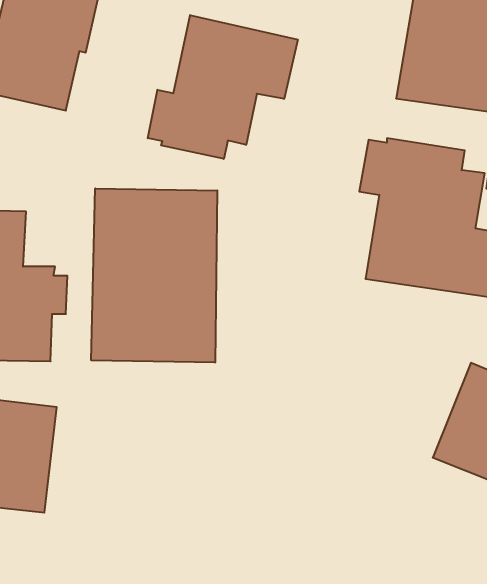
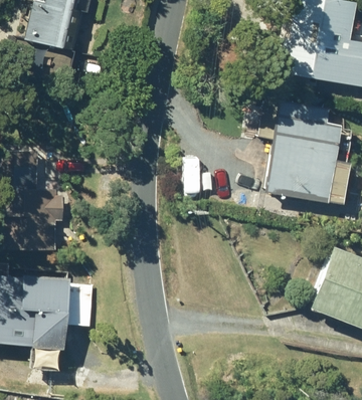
building: [148,15,298,159] -> none
building: [91,188,217,363] -> none

